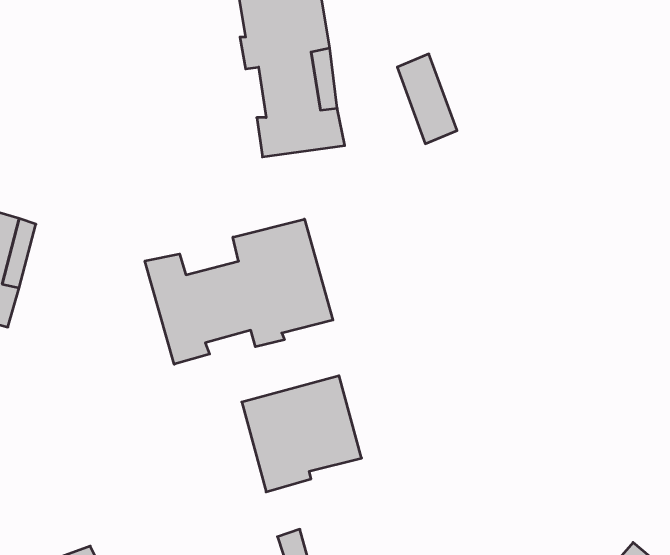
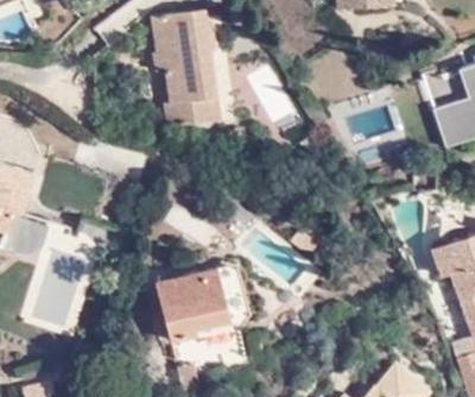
building: [145,219,333,364] -> none

